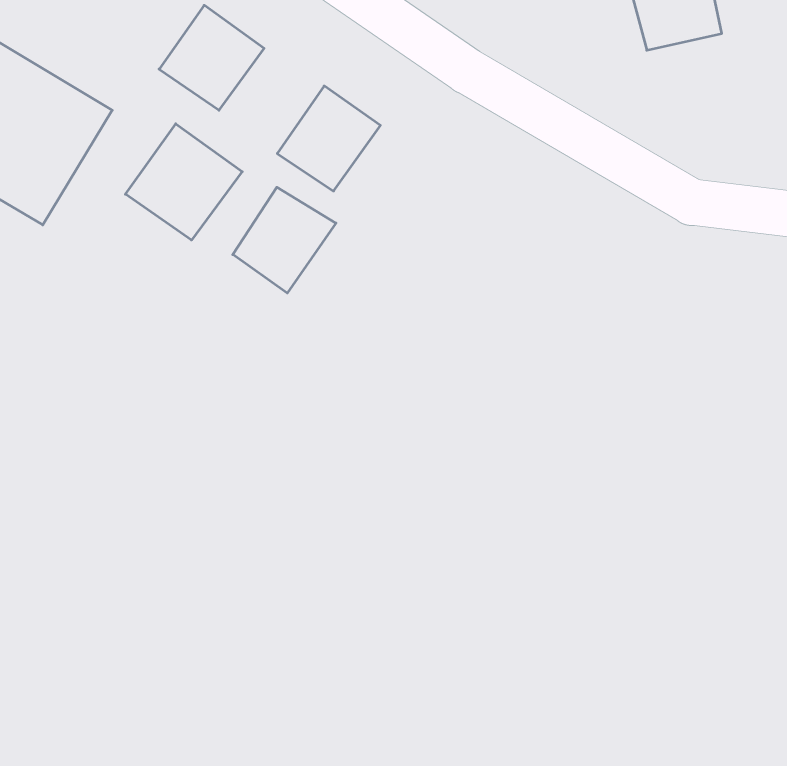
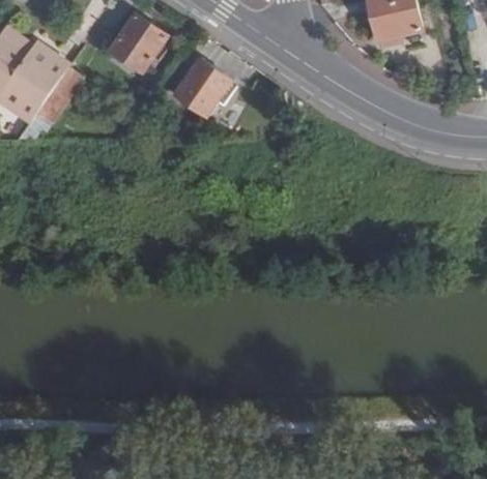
building: [125,124,242,240] -> none
building: [233,187,336,293] -> none

